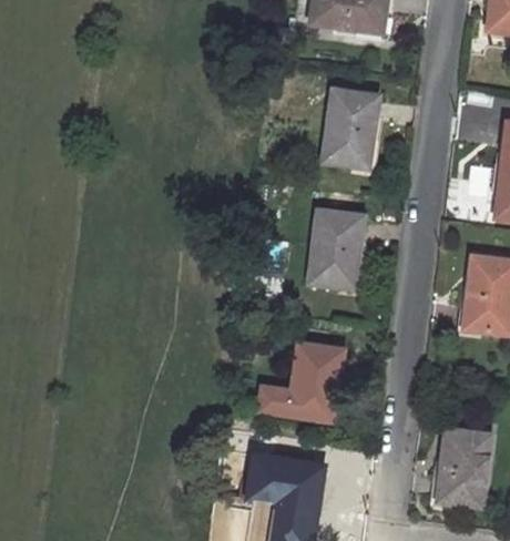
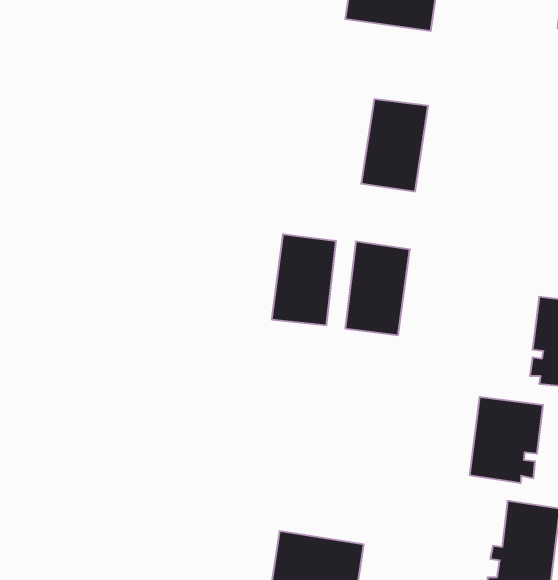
building: none -> [272,234,336,325]
building: none -> [470,397,543,483]
building: [259,343,344,421] -> none

